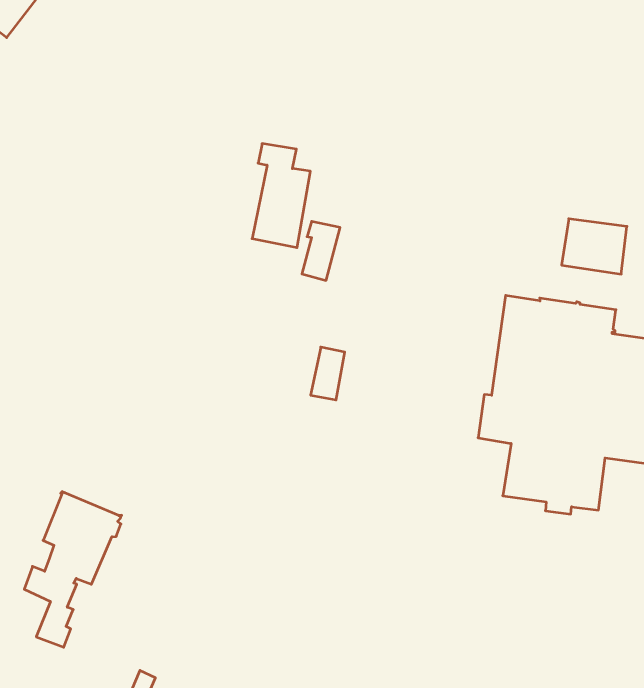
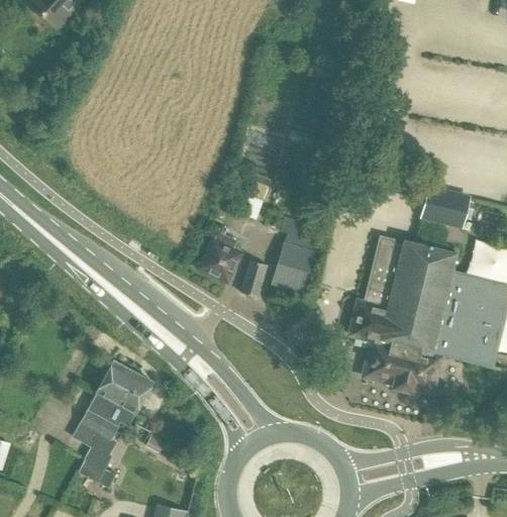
building: [252,144,310,248] -> [272,217,316,291]
building: none -> [199,225,239,281]
building: [24,492,122,647] -> [81,360,153,468]

